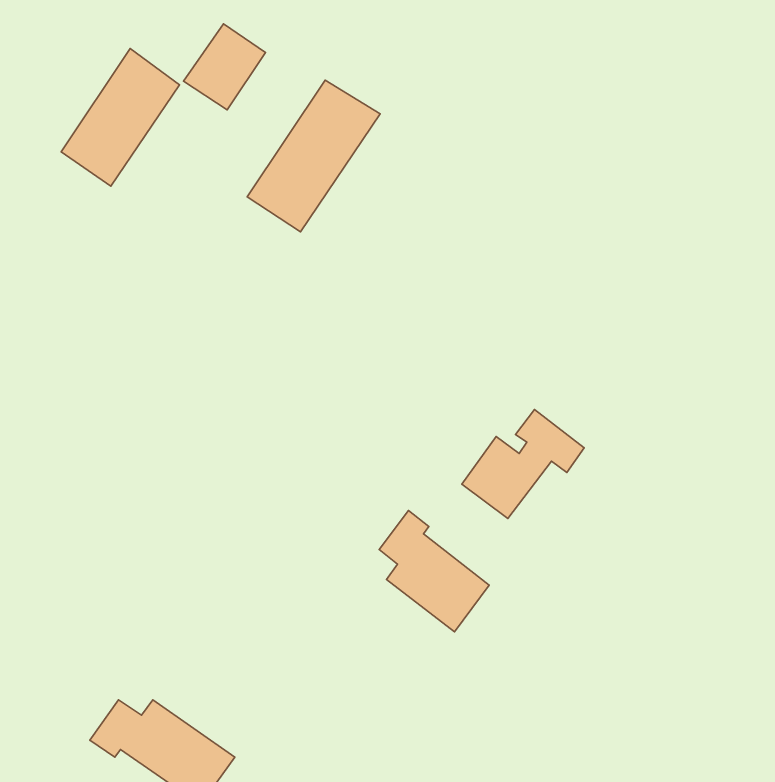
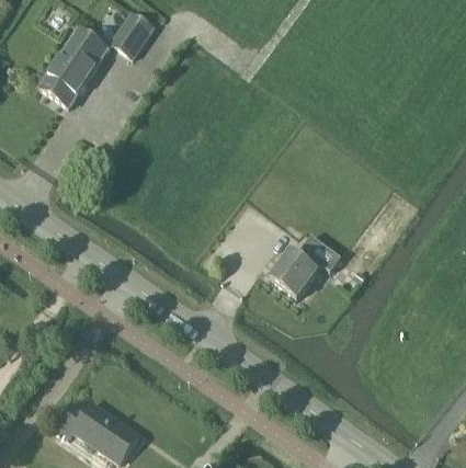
building: [247,80,380,232] -> none
building: [379,511,489,632] -> none

